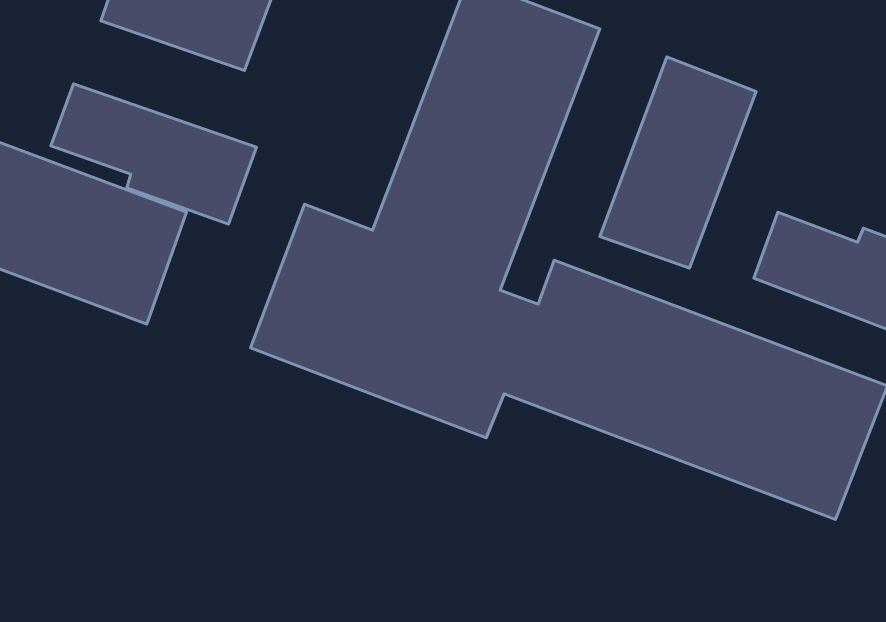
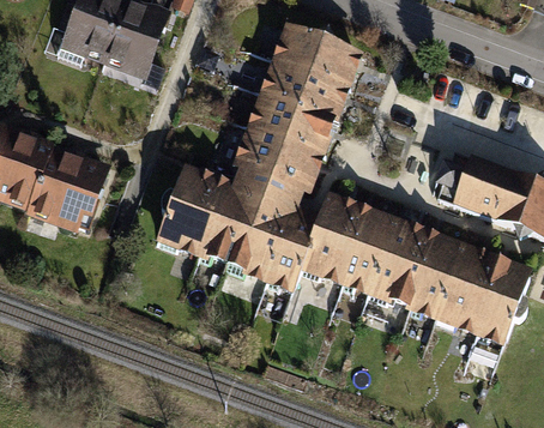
building: [600,57,756,268] -> none
building: [51,84,257,224] -> none

